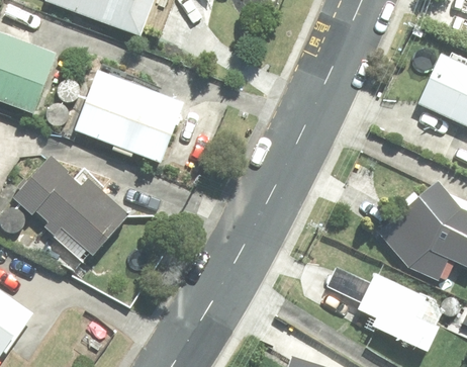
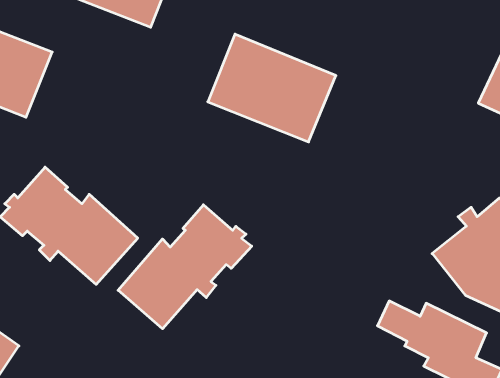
building: [75,71,184,163] -> [208,34,336,142]
building: none -> [118,205,252,329]

